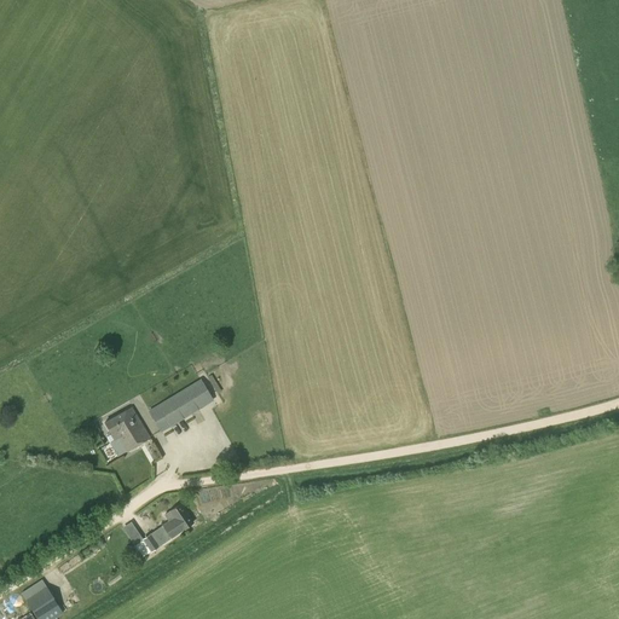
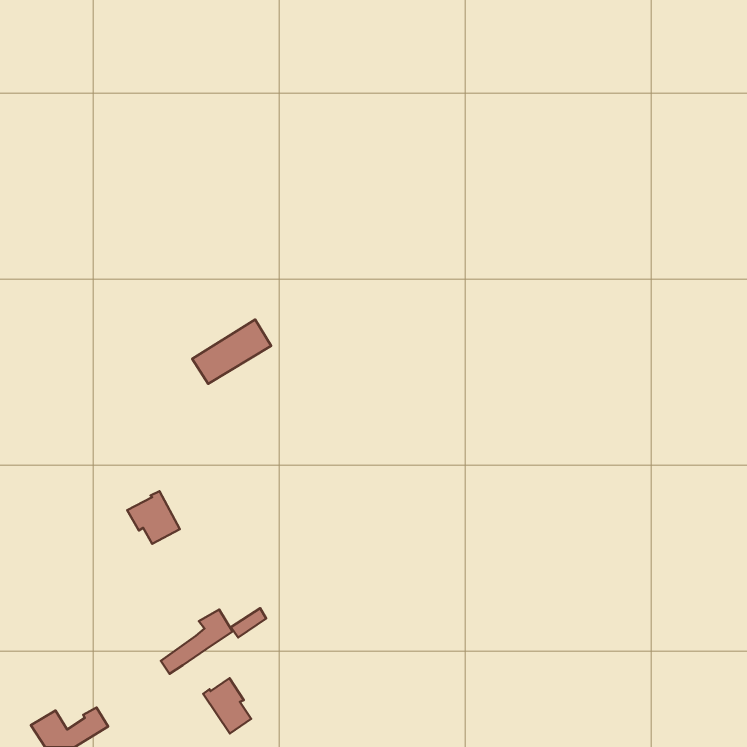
building: [147,378,213,432] -> [192,320,271,384]
building: none -> [203,678,251,734]

